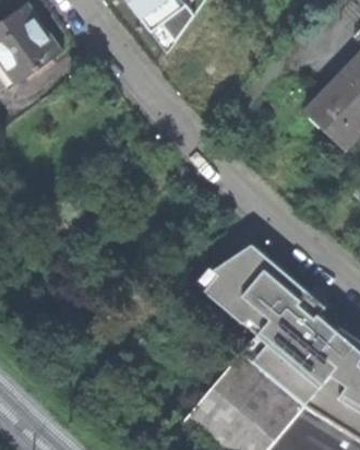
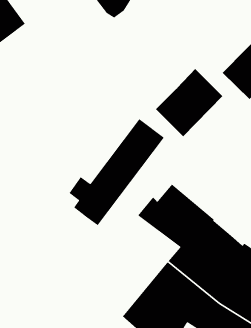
building: none -> [155,68,223,137]
building: none -> [68,118,165,226]

